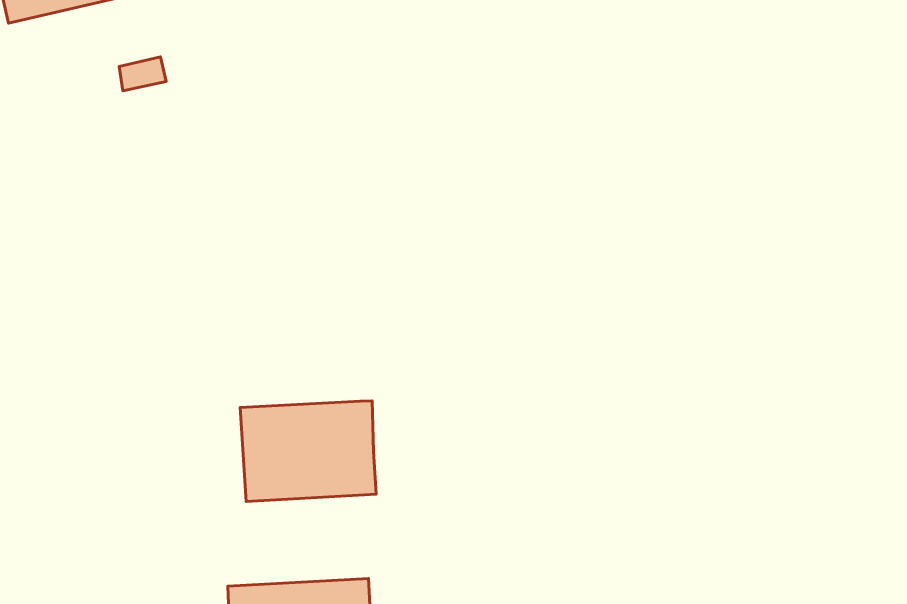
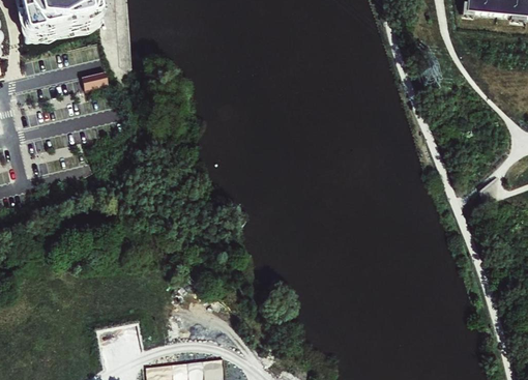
building: [240,401,376,502] -> none

